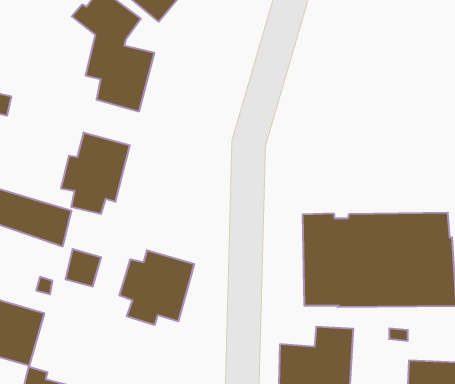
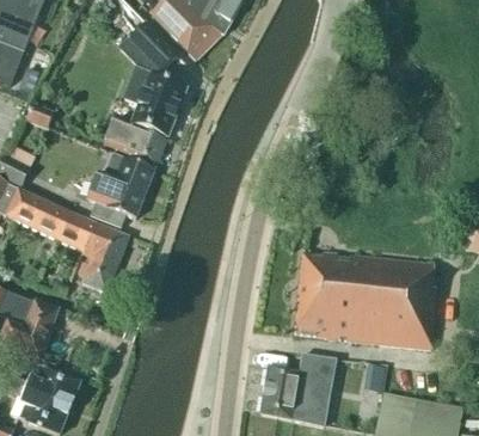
building: none -> [103,118,166,164]
building: none -> [82,221,128,266]
building: [119,250,194,325] -> none

